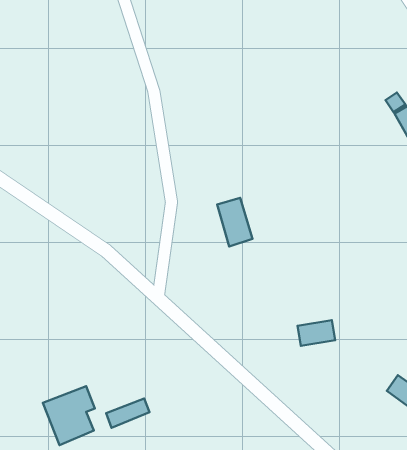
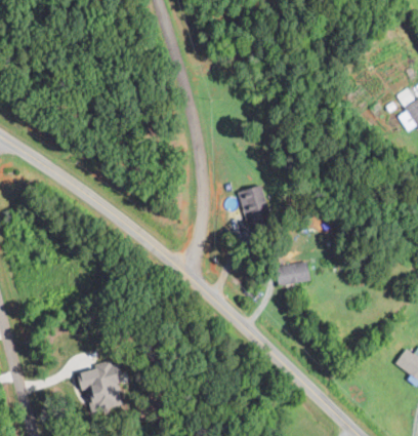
building: [298,320,335,346] -> [276,262,310,285]
building: [106,398,150,428] -> none

